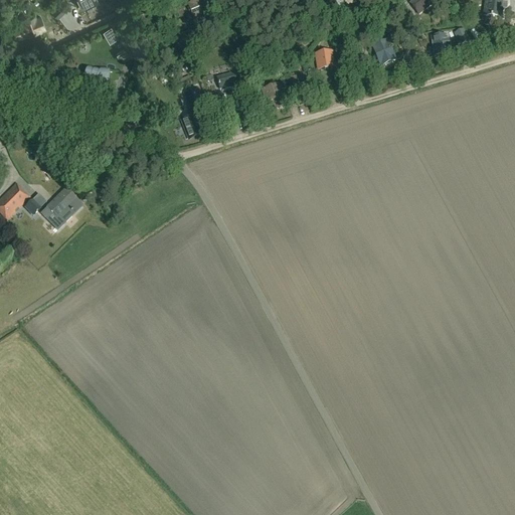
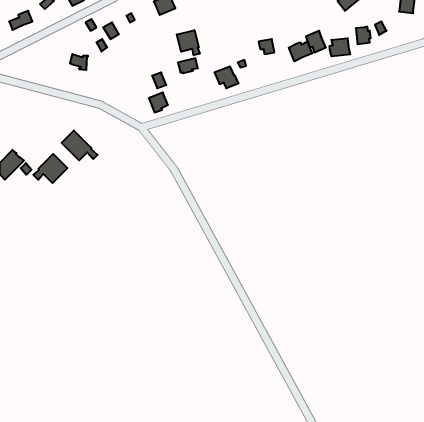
building: none -> [177,30,200,55]
building: none -> [330,38,350,56]
building: none -> [289,41,312,61]
building: none -> [62,130,98,160]

